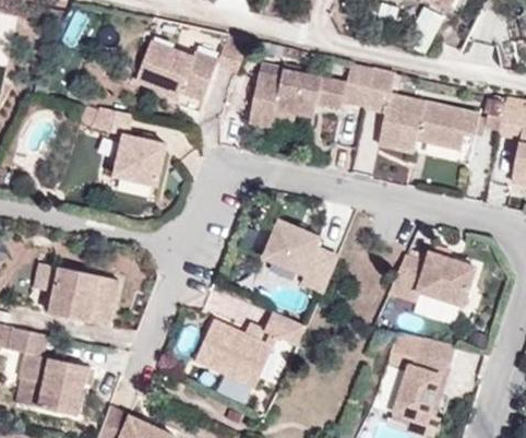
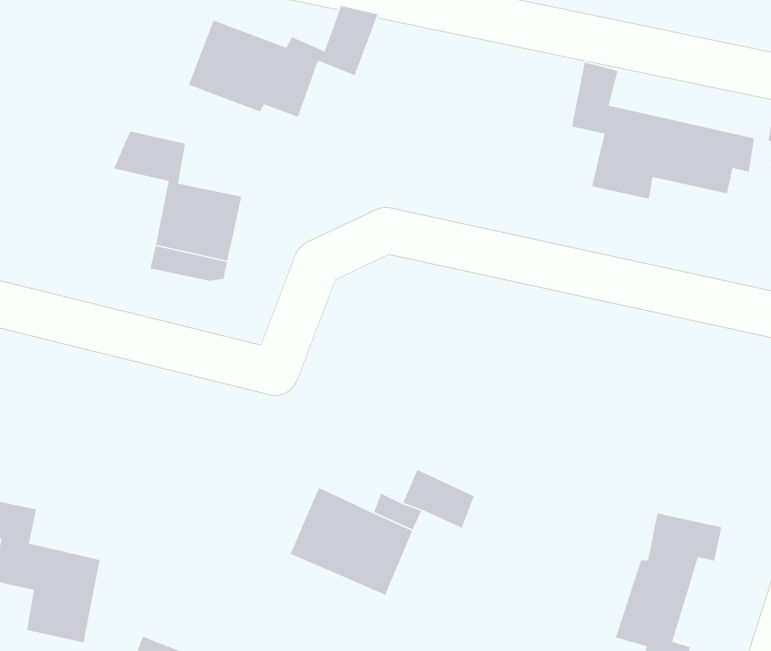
building: [249,61,372,126] -> none
building: [264,220,336,289] -> none
building: [387,251,474,304] -> none
building: [48,265,116,325] -> none

